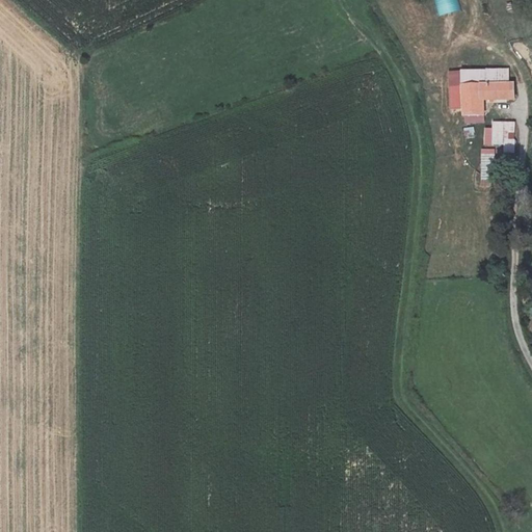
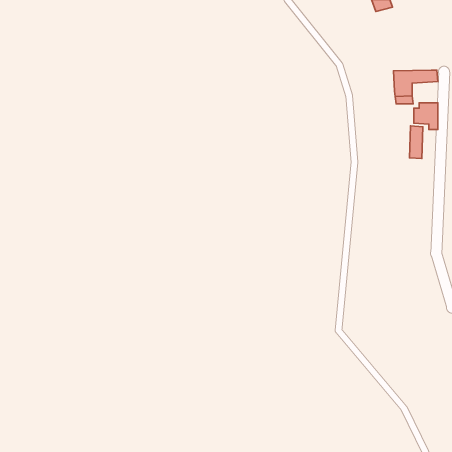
building: [448,69,507,107] -> none

